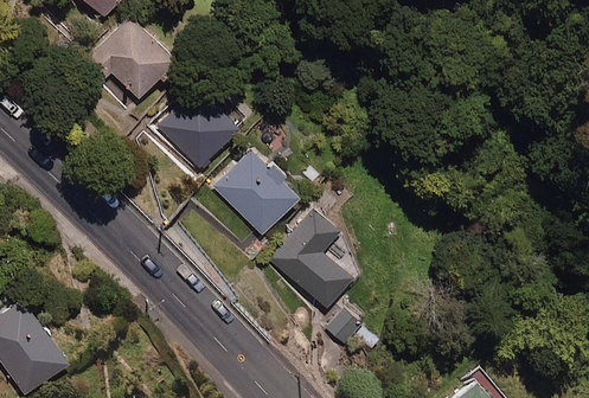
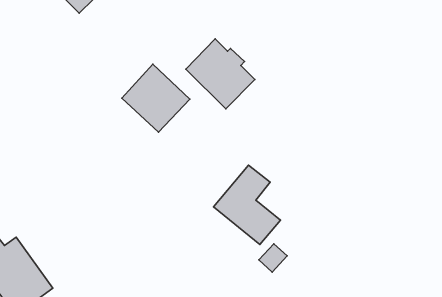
building: [92,14,175,97] -> none
building: [212,146,299,233] -> [186,39,255,109]

